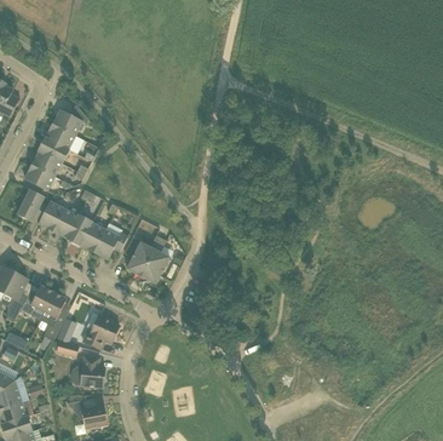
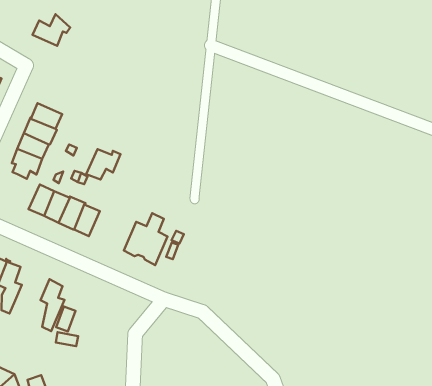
building: [52,103,88,133] -> [32,14,70,46]
building: [17,188,47,219] -> none
building: [93,228,127,257] -> [86,149,121,180]
building: [19,284,53,314] -> none
building: [82,313,119,348] -> none
building: [70,355,104,386] -> none

